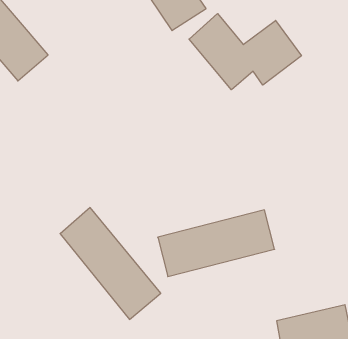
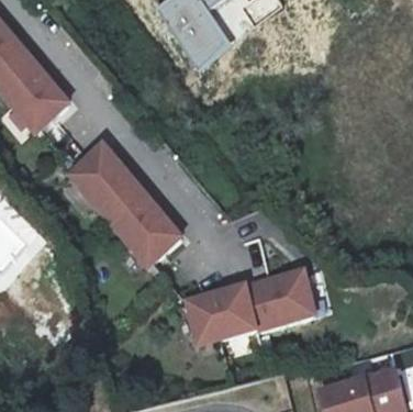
building: [189,14,301,90] -> none
building: [60,208,161,319] -> [67,141,177,263]

